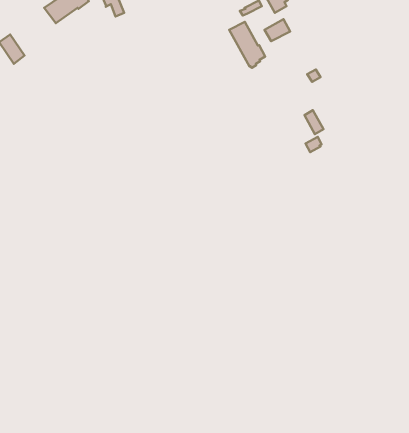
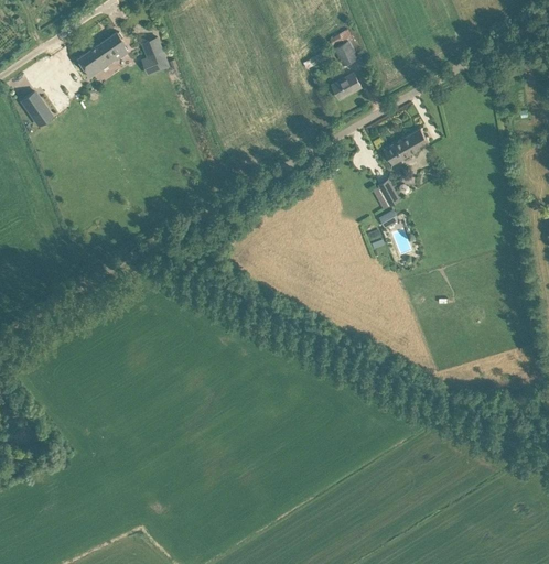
building: [229,22,265,68] -> none
building: none -> [383,130,428,165]

